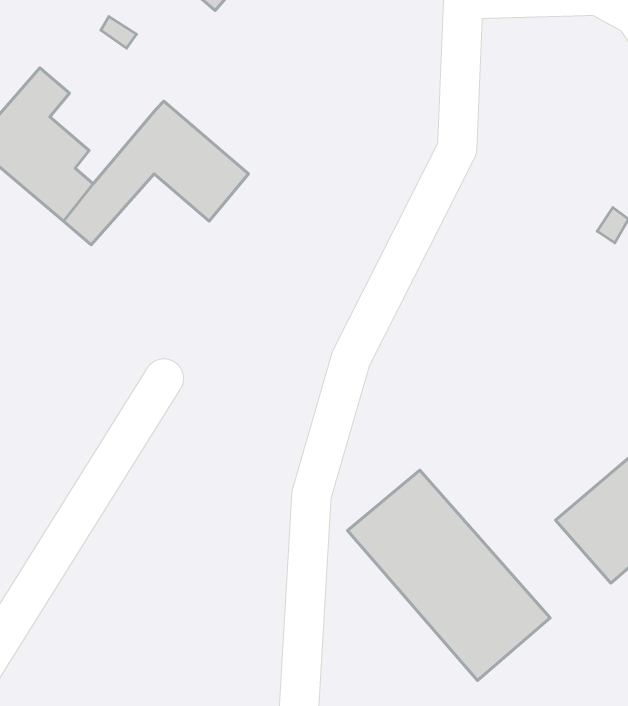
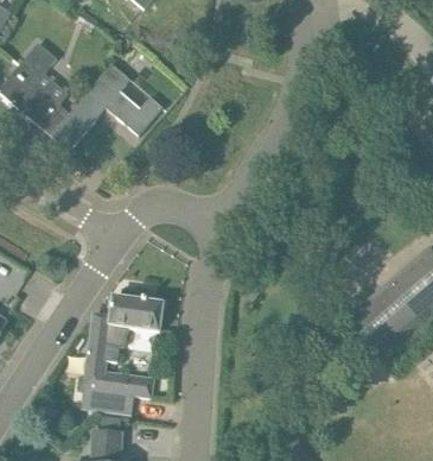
building: [347,470,550,680] -> none
building: none -> [82,295,163,413]

